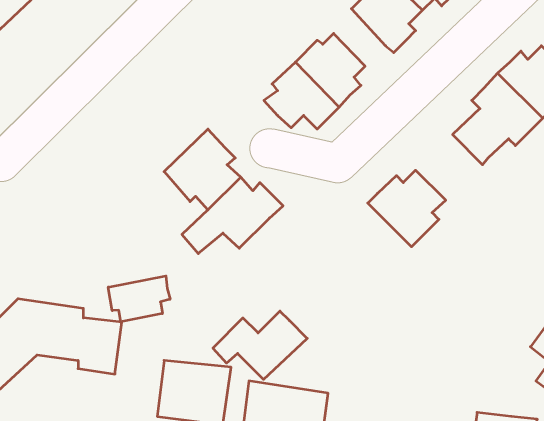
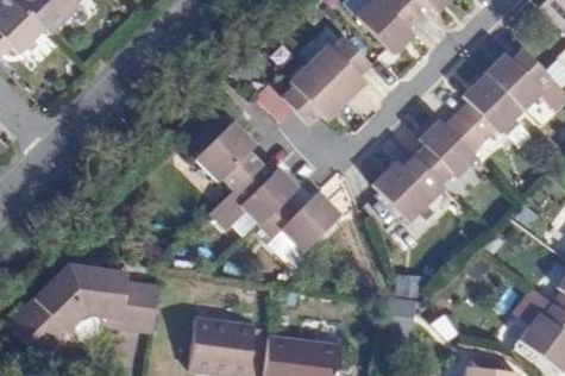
building: none -> [414,118,476,181]
building: [108,276,170,322] -> none
building: [213,311,307,379] -> [260,190,343,250]

